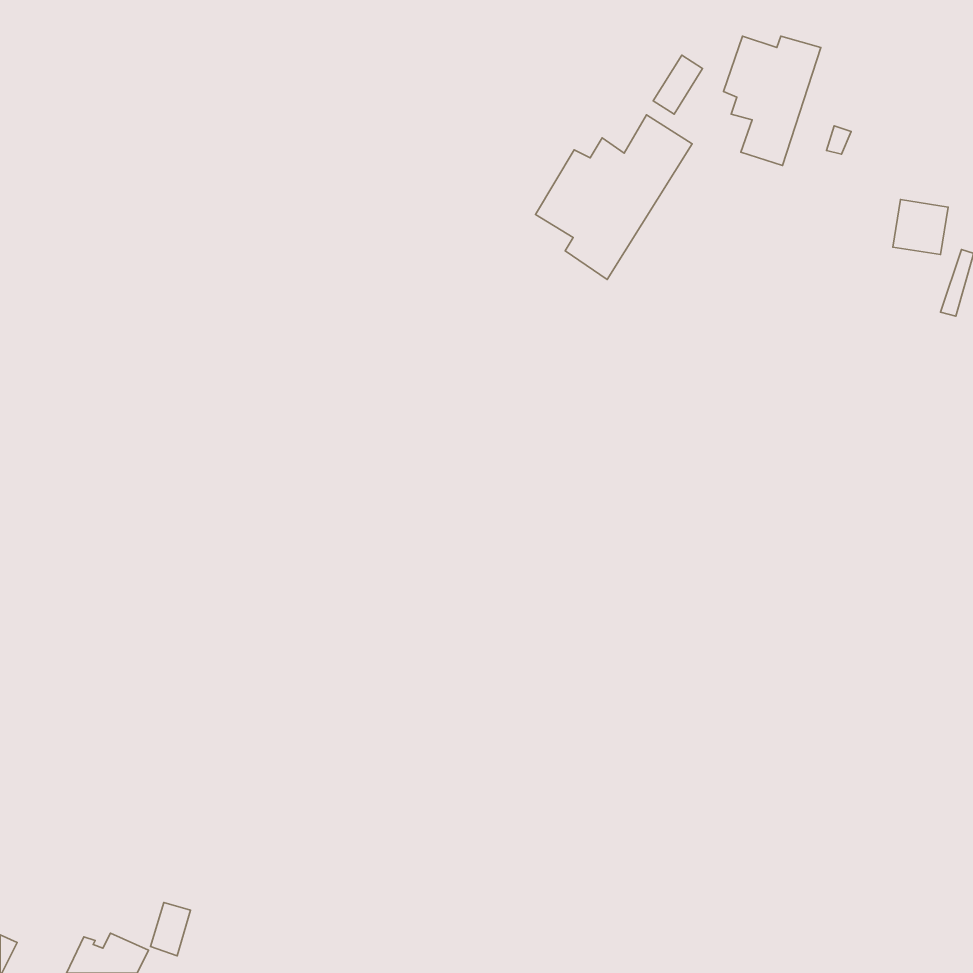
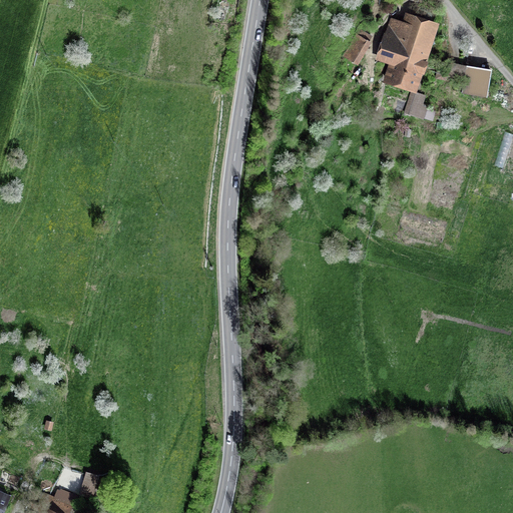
building: [535,115,692,279] -> none
building: none -> [405,91,427,117]
building: [893,199,948,255] -> [462,68,491,97]

